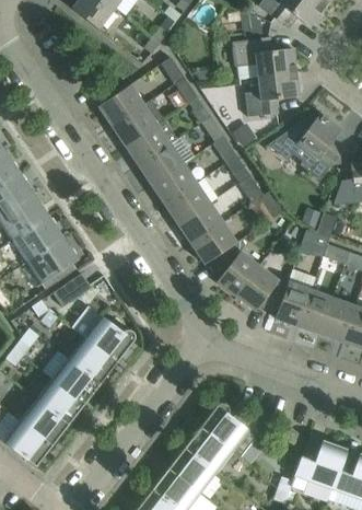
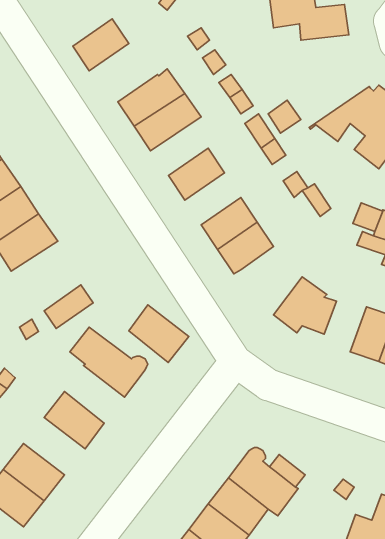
building: [245,72,300,117] -> none
building: [98,84,143,126] -> [73,19,129,71]
building: [138,138,184,185] -> none
building: [165,183,210,224] -> none
building: [26,237,78,285] -> none
building: [210,239,259,297] -> none
building: [276,269,315,326] -> none
building: [69,337,117,383] -> [129,305,189,362]
building: [36,379,85,425] -> none

